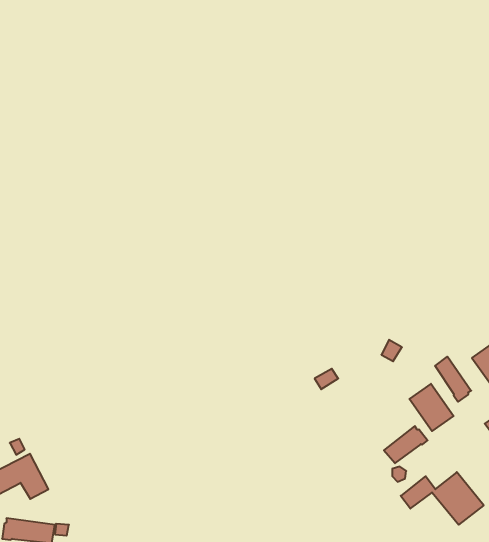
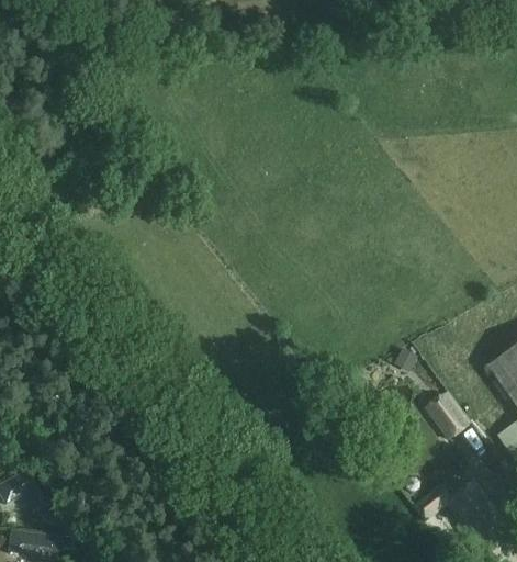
building: [435,357,471,402] -> none
building: [384,426,428,463] -> none

